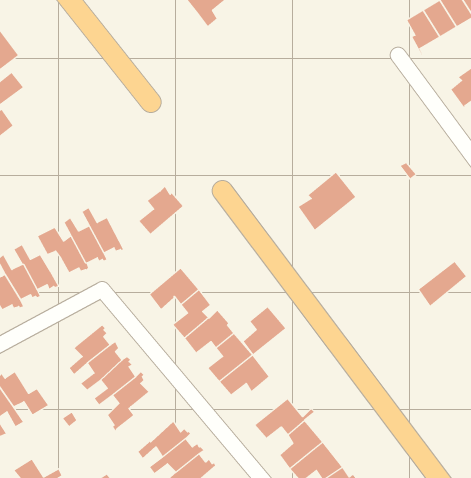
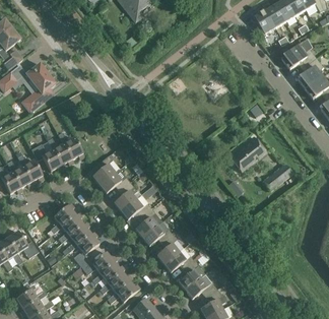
building: none -> [22,63,56,112]
building: [298,172,356,230] -> [231,136,266,172]
building: [138,186,184,234] -> [92,154,120,184]
building: [243,306,286,355] -> [157,234,184,263]
building: none -> [80,252,118,274]

